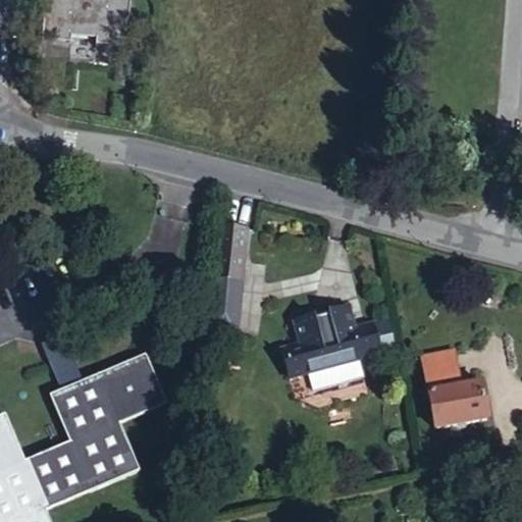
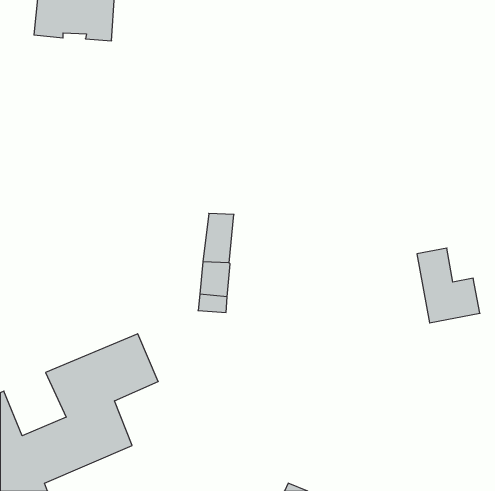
building: [281,304,380,386] -> none
building: [422,348,488,426] -> [417,248,480,323]

